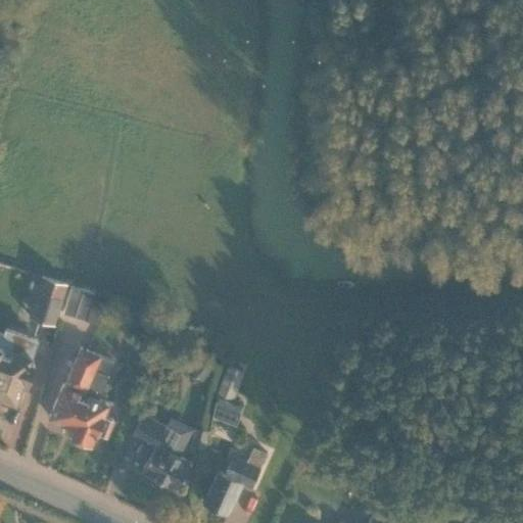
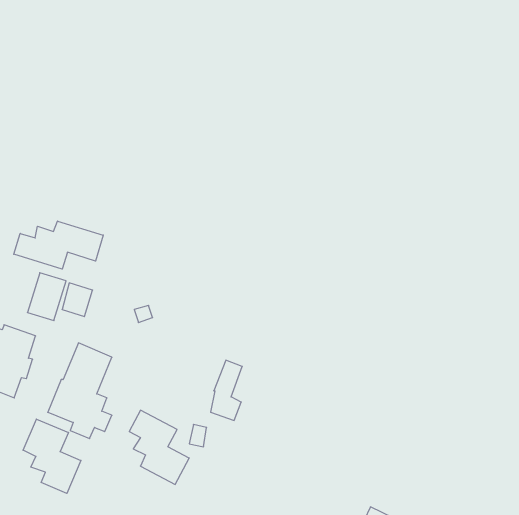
building: none -> [14,221,103,269]
building: none -> [23,419,81,493]
building: [203,449,266,514] -> none

